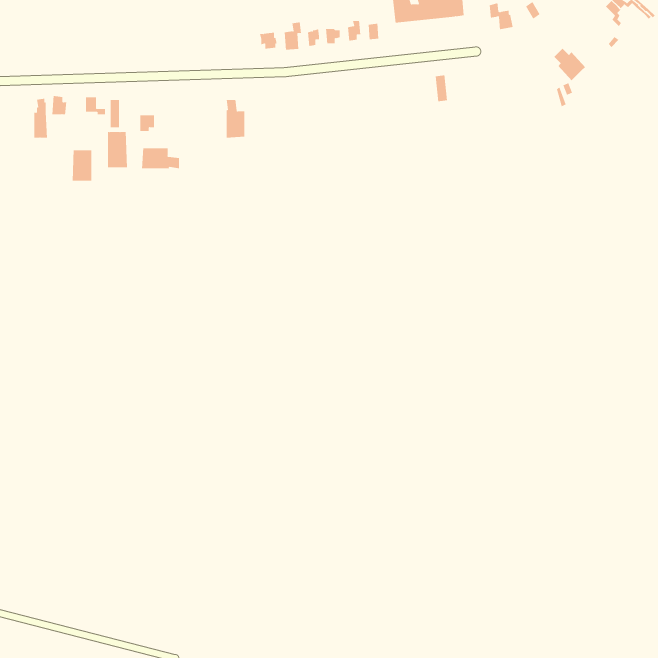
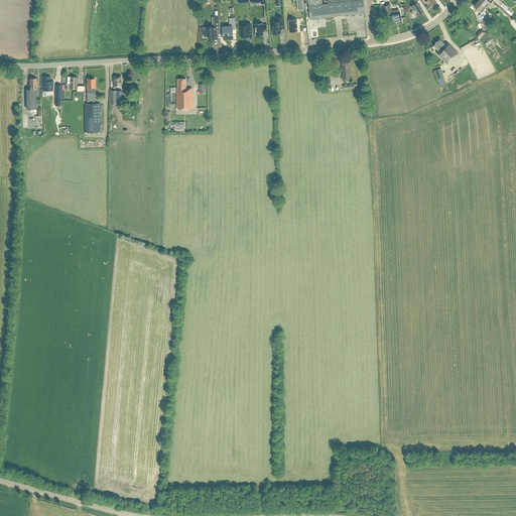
building: [141,148,180,169] -> none
building: [72,149,92,181] -> none

